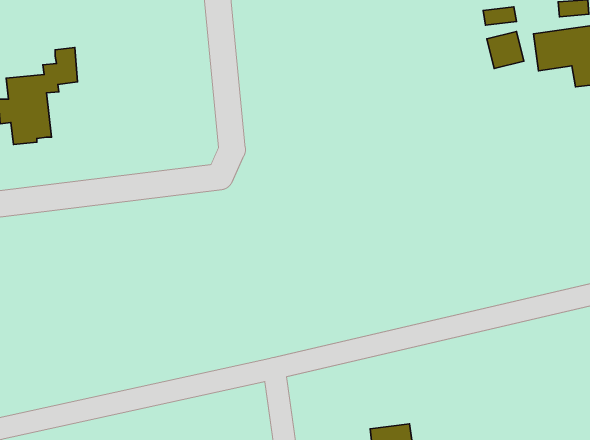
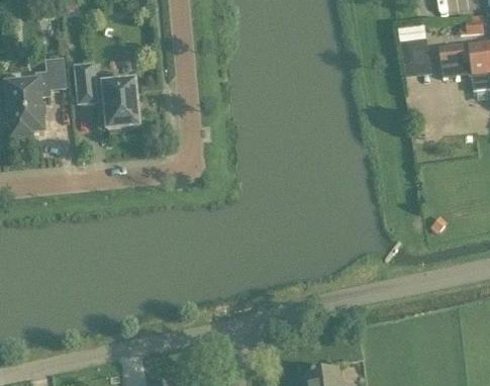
building: none -> [74,64,138,131]

